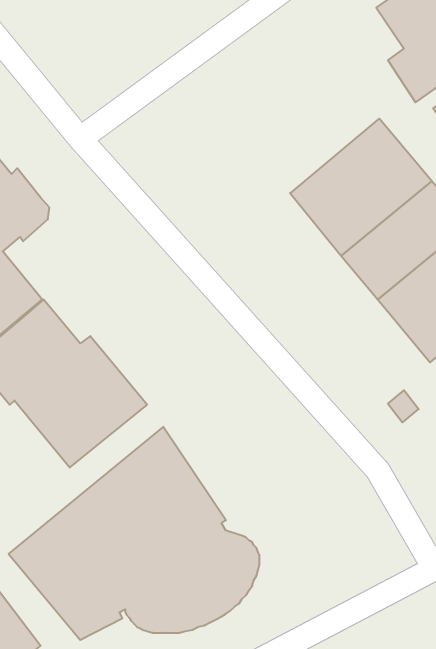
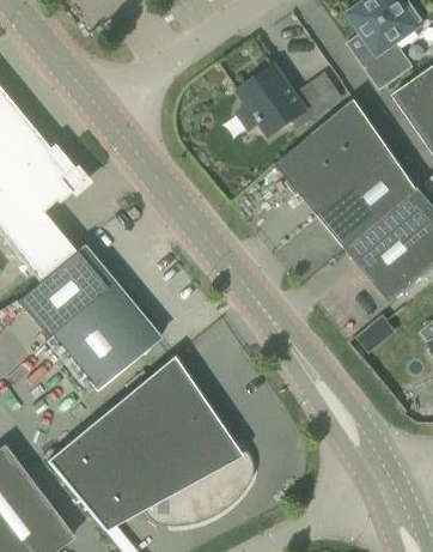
building: none -> [239,65,333,135]

